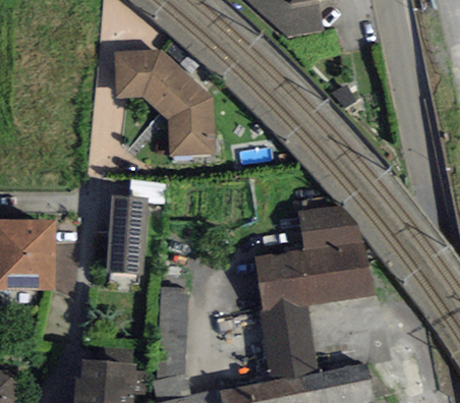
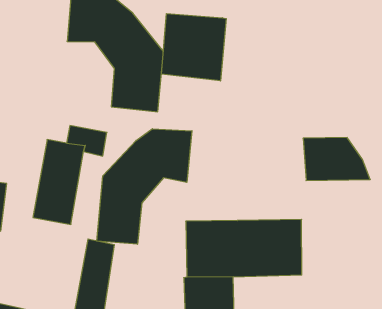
building: none -> [162,14,226,81]
building: none -> [97,129,192,244]
building: [295,204,365,250] -> [303,138,370,181]

